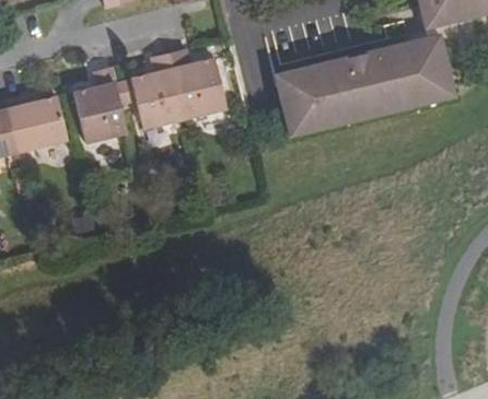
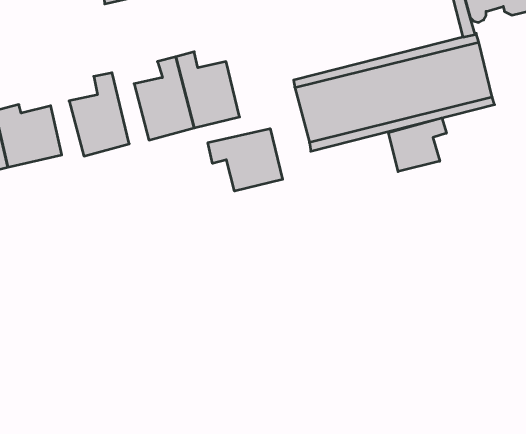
building: none -> [389,118,446,172]
building: none -> [208,129,283,191]

